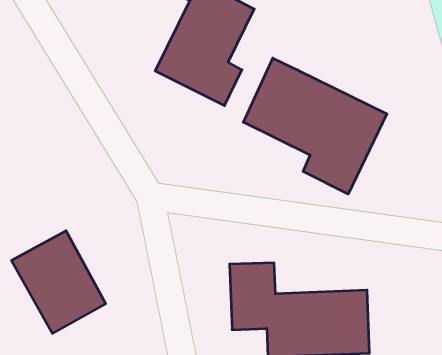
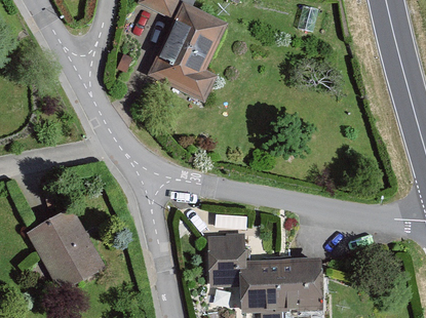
building: [243,58,387,194] -> none

